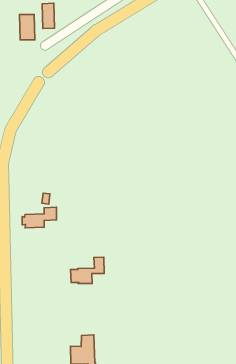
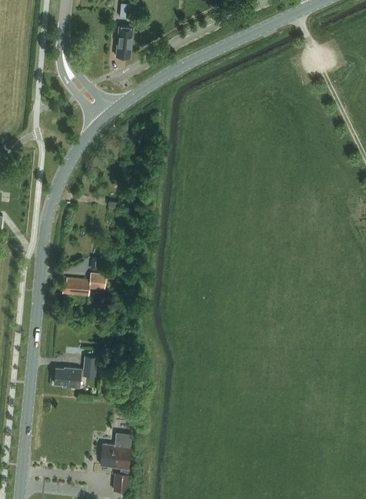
building: [20,15,35,40] -> none
building: [70,257,104,283] -> [53,356,96,387]

